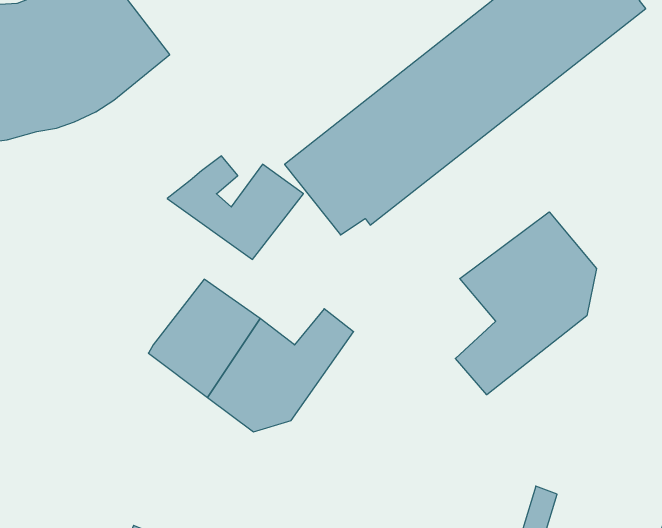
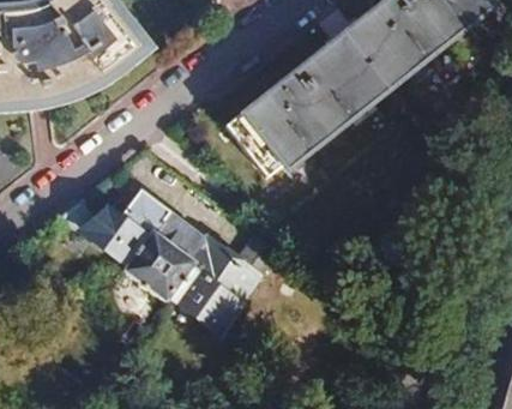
building: [167,156,303,259] -> [70,180,169,255]
building: [455,212,596,395] -> none

